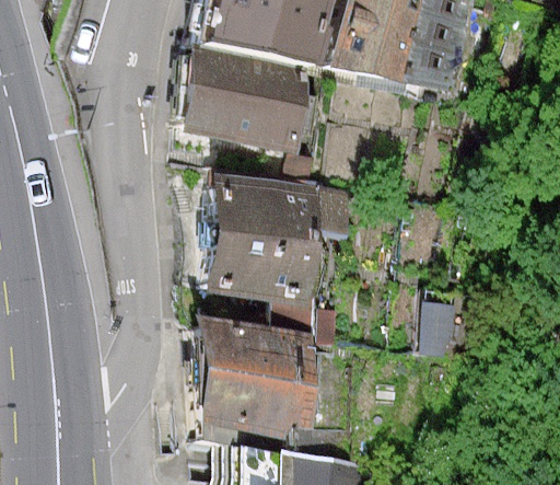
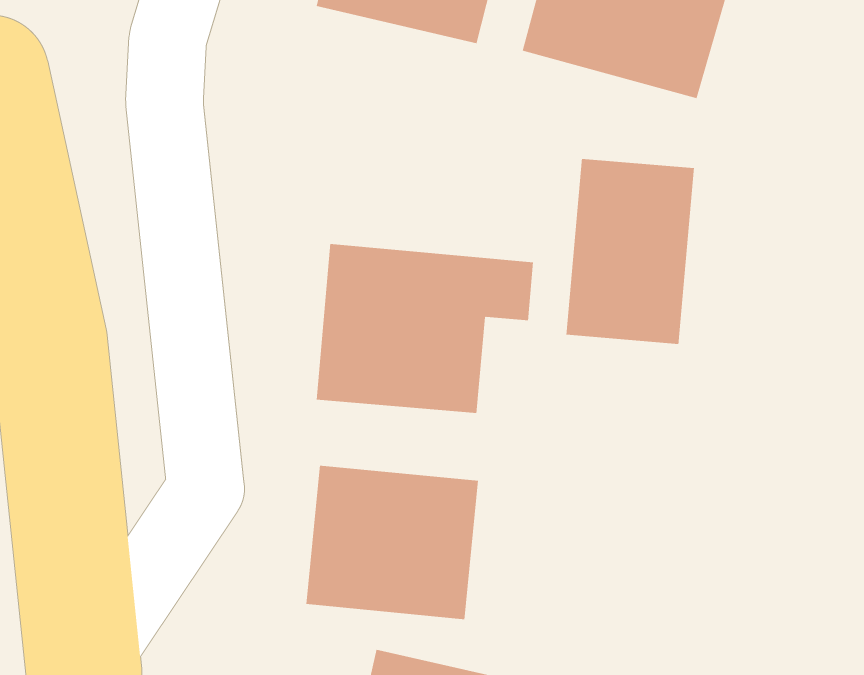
building: [191,51,308,142] -> none
building: none -> [566,158,695,345]

